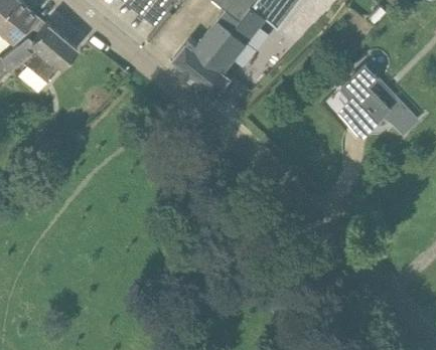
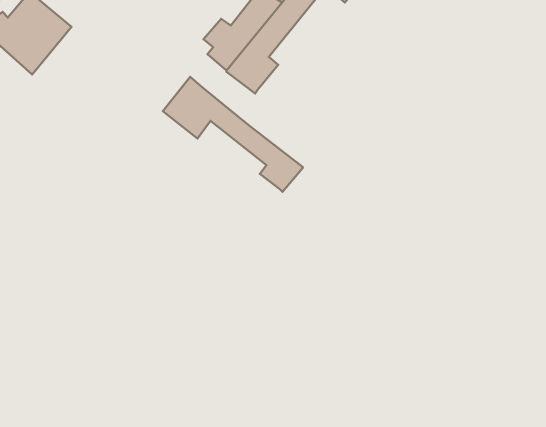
building: [341,65,419,133] -> none
building: none -> [163,77,303,192]

